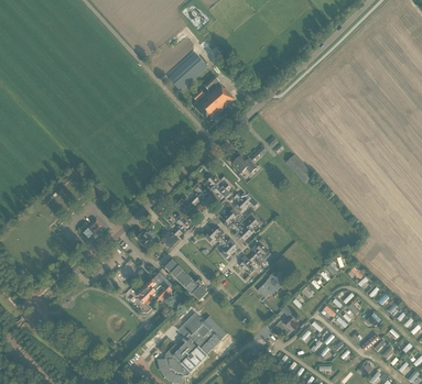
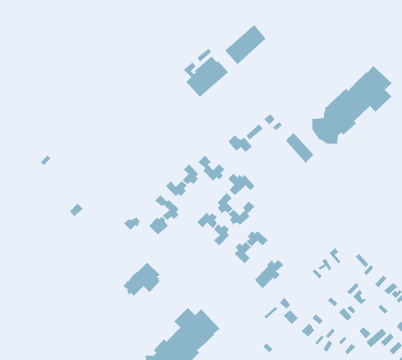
building: [167,53,206,90] -> [224,24,266,65]
building: none -> [312,65,392,145]
building: [164,259,206,300] -> none

